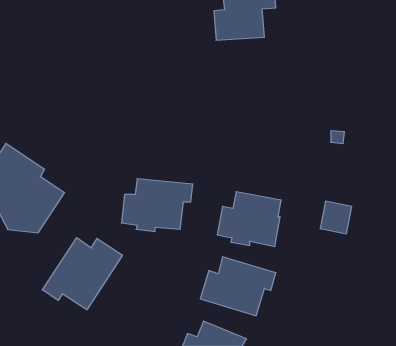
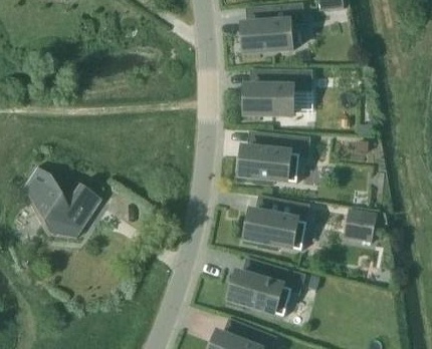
building: none -> [244,71,308,116]
building: [121,179,193,231] -> [238,134,306,185]
building: [42,238,122,310] -> none

